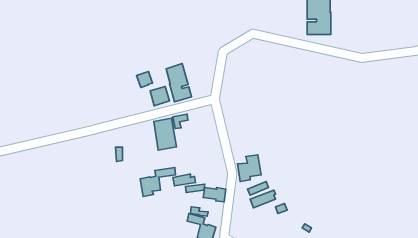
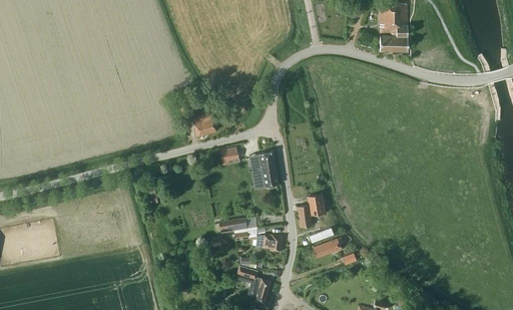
building: [166,63,192,102] -> none
building: [154,118,177,150] -> [251,150,279,189]
building: [140,168,175,196] -> none

